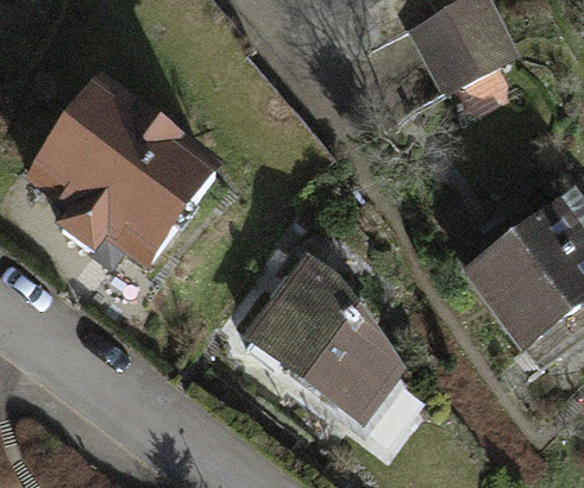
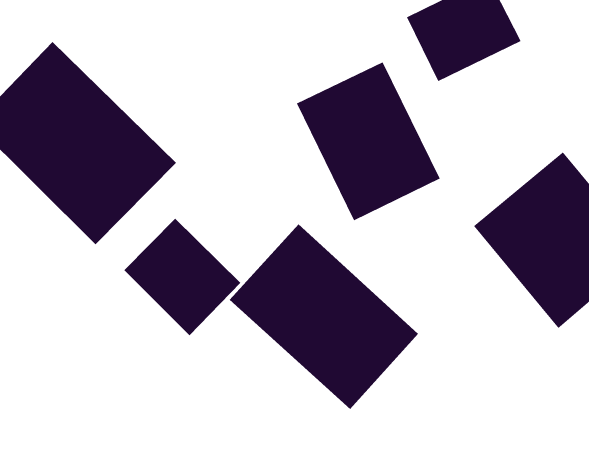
building: none -> [296,62,441,221]
building: none -> [124,218,241,336]

